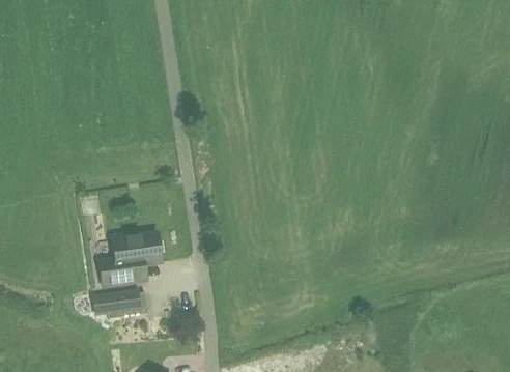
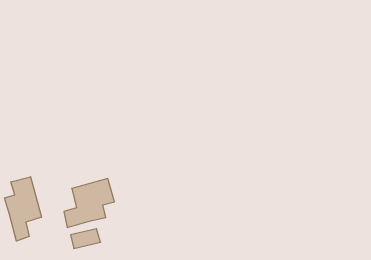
building: none -> [4,177,41,241]

